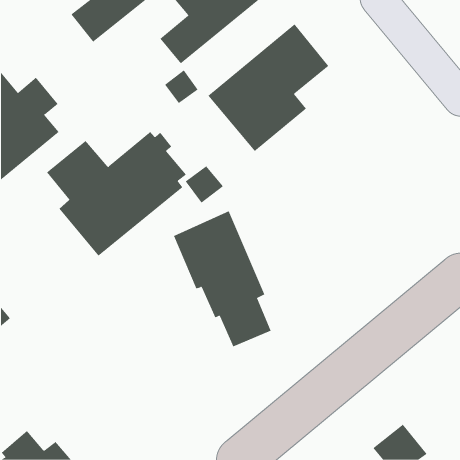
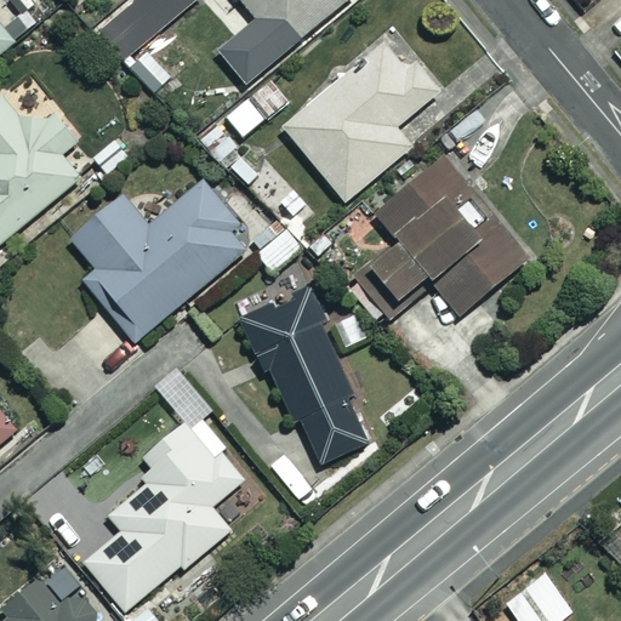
building: none -> [368,155,529,317]
building: none -> [85,387,246,609]

